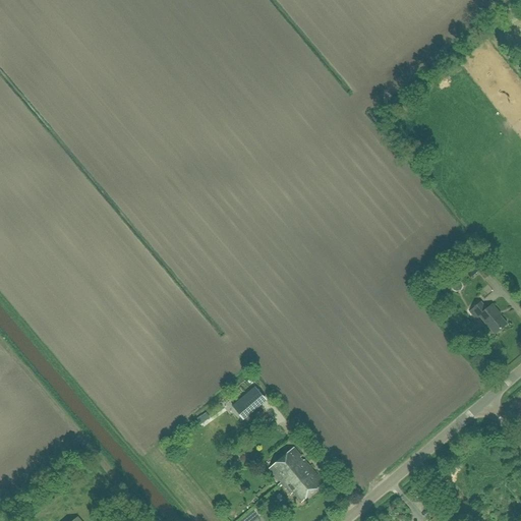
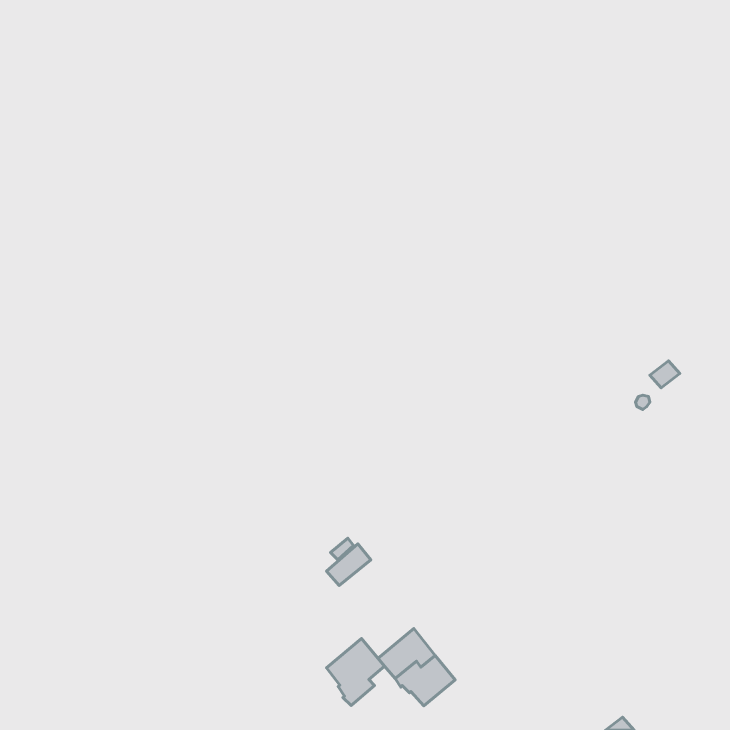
building: [470,302,507,334] -> none
building: none -> [327,639,384,706]

